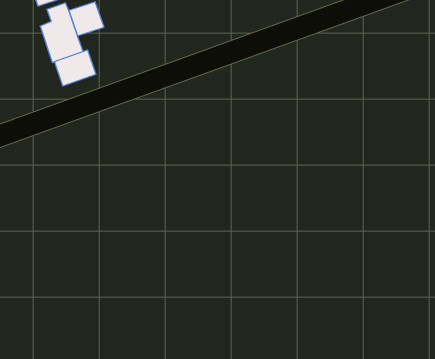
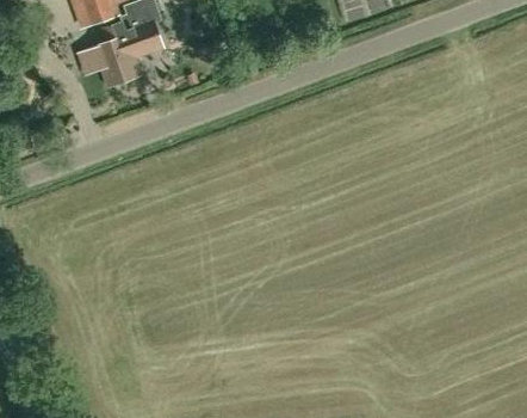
building: [55,50,96,86] -> none

